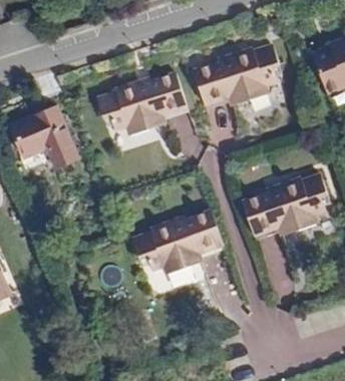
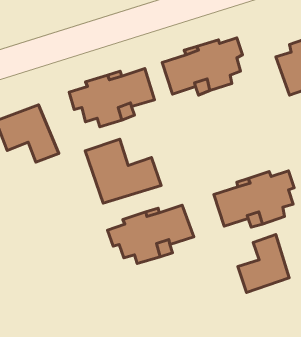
building: none -> [85,139,161,203]
building: none -> [238,235,289,292]

